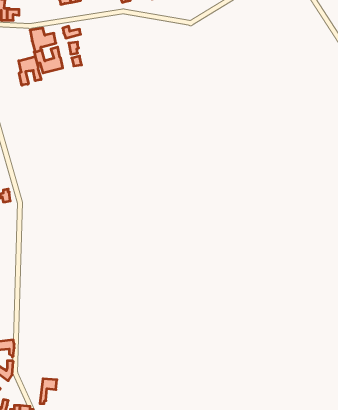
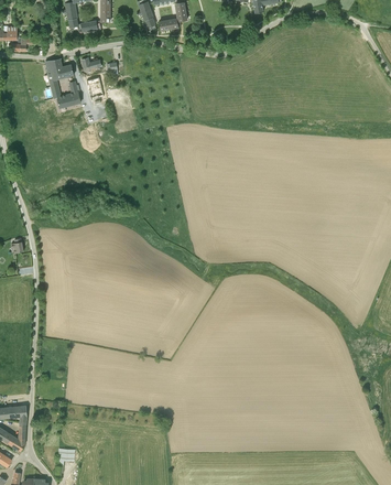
building: [19,57,41,85] -> none

